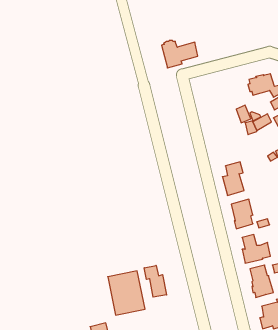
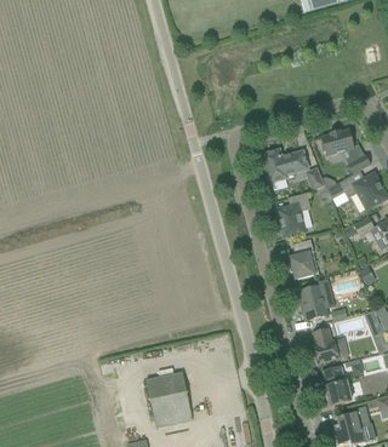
building: [162,40,198,68] -> [263,148,308,182]
building: none -> [278,191,312,236]
building: [144,265,167,297] -> none

